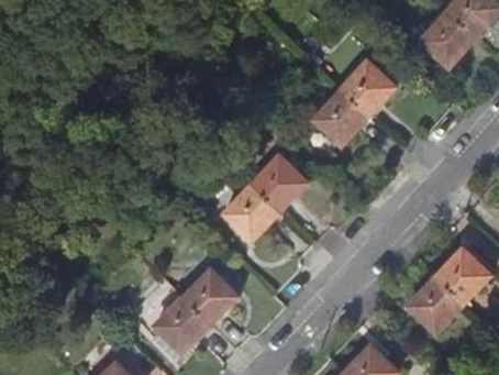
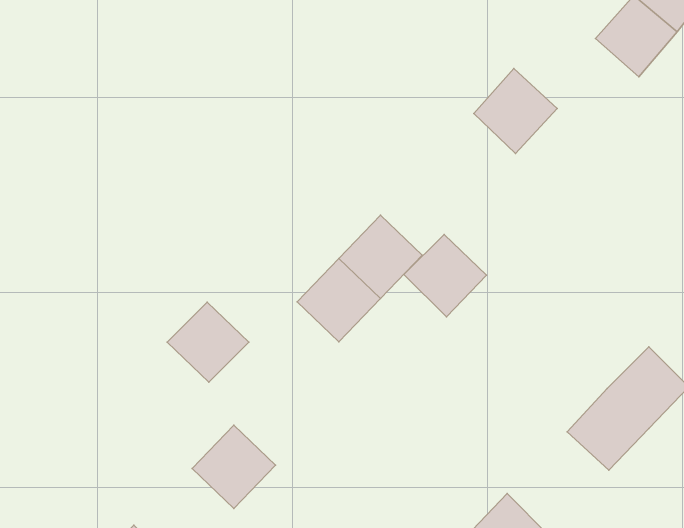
building: [314,91,369,146] -> none
building: none -> [404,234,486,317]
building: [184,271,237,323] -> [167,302,249,382]

